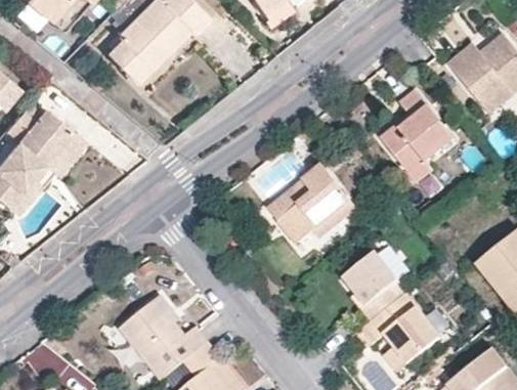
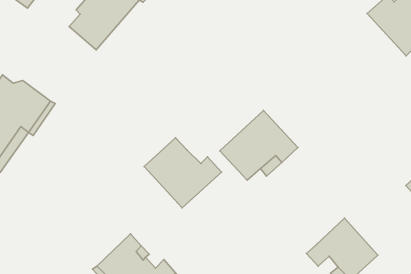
building: [381,90,454,184] -> none
building: none -> [144,138,221,208]
building: [343,253,406,321] -> none

